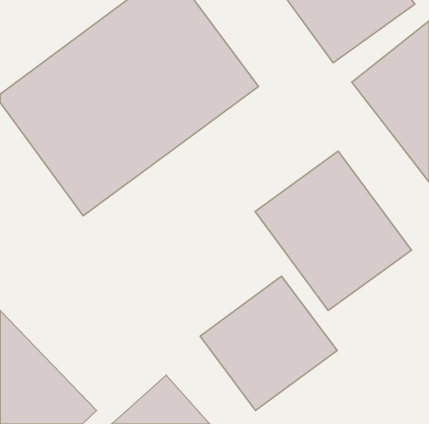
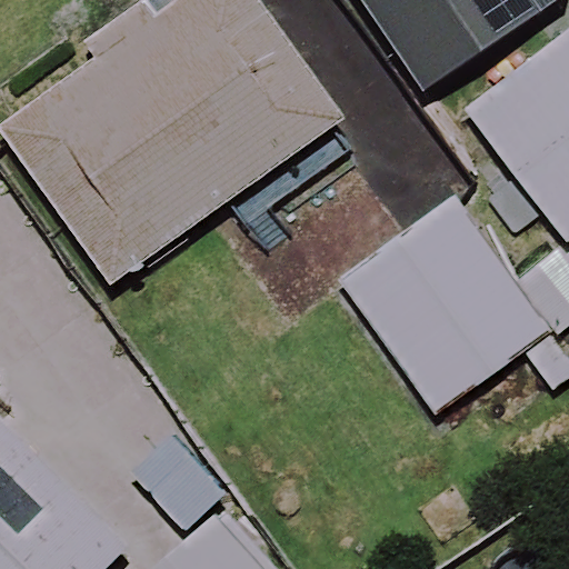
building: [200,276,337,411] -> none

